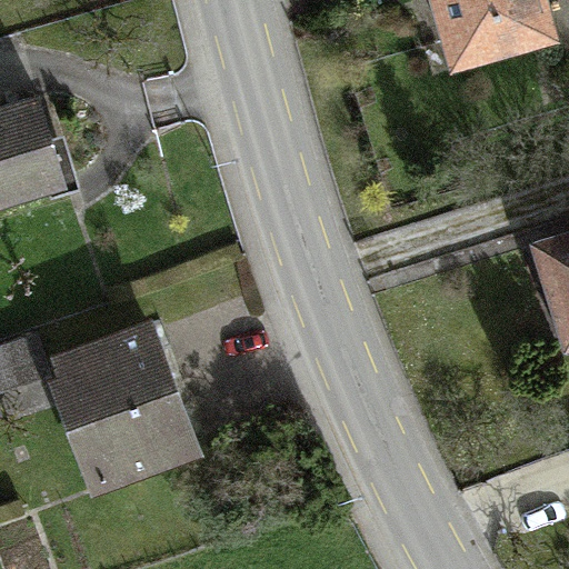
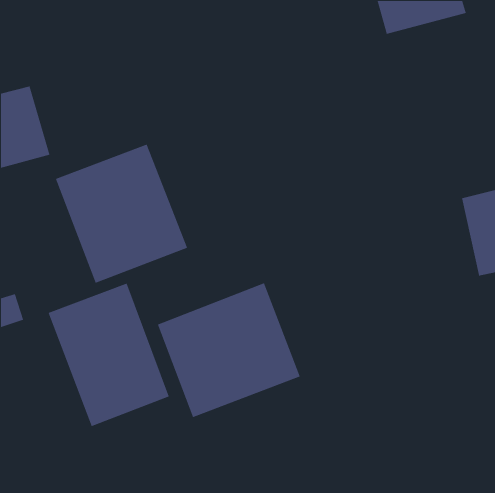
building: none -> [55,143,188,284]
building: none -> [157,282,301,418]

